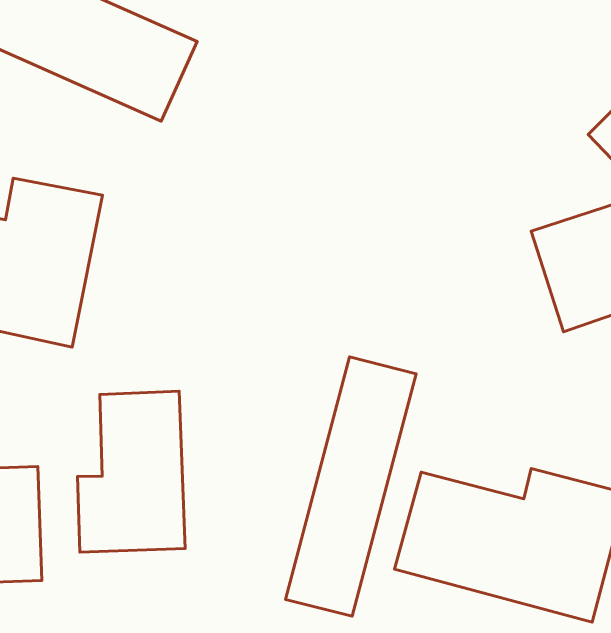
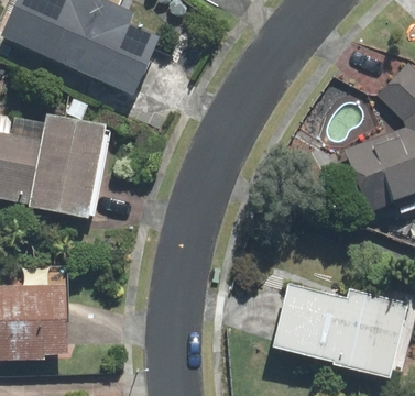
building: [285,357,416,616] -> none
building: [77,391,185,552] -> none

